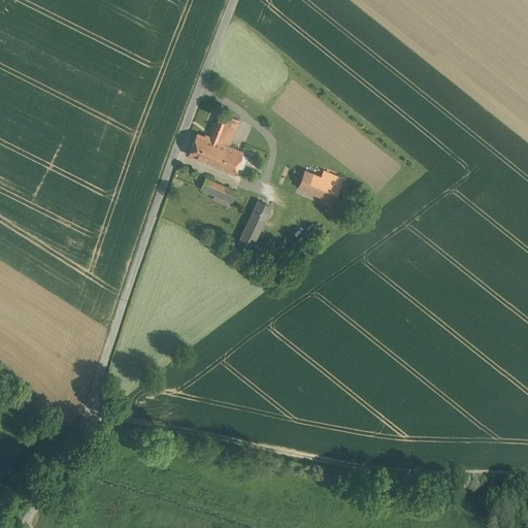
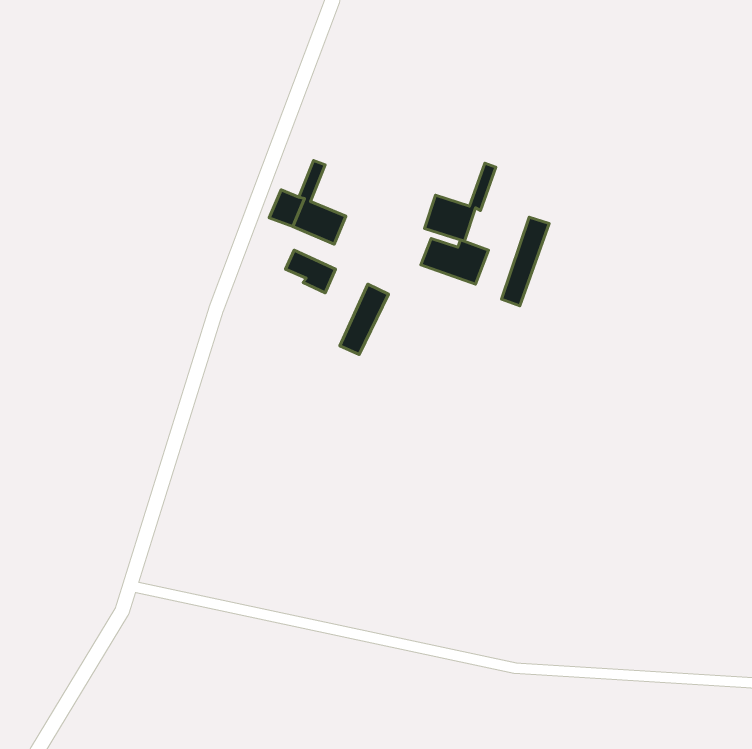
building: none -> [424,163,496,241]
building: none -> [502,217,549,306]

